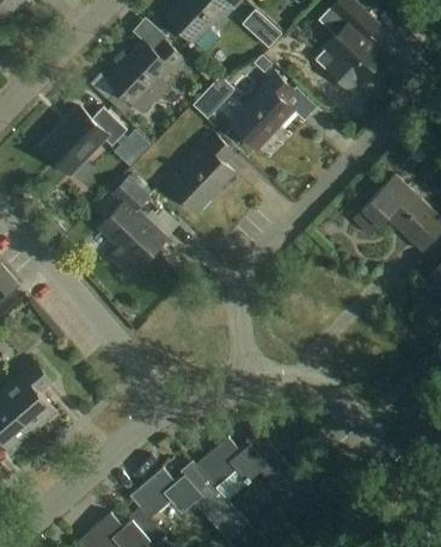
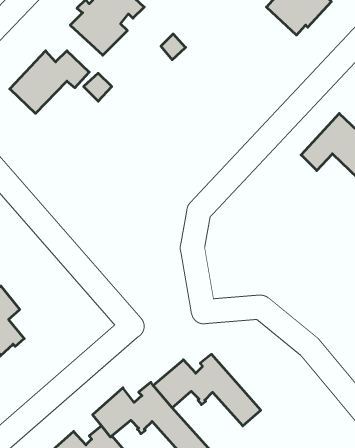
building: [229,72,293,149] -> none
building: [170,134,233,211] -> none
building: [98,177,166,277] -> none

